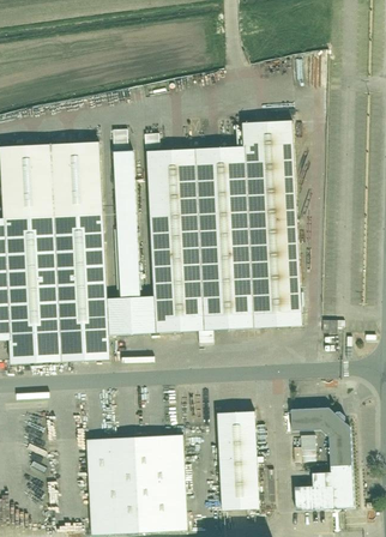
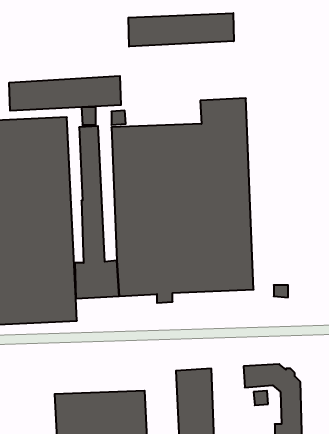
building: none -> [128,13,234,47]
building: none -> [9,76,121,111]

